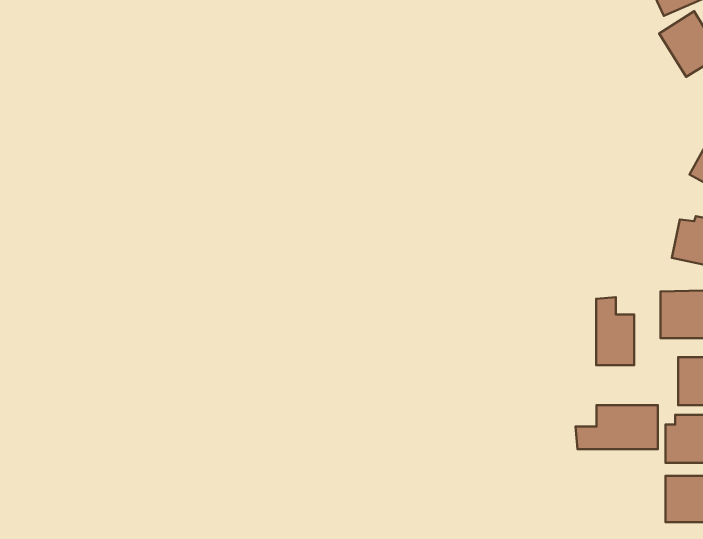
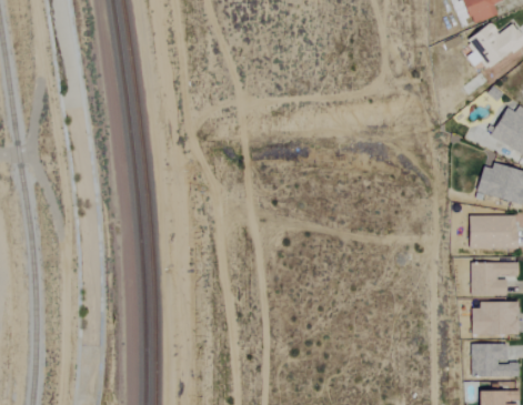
building: [596,297,634,365] -> none
building: [575,405,658,449] -> none

